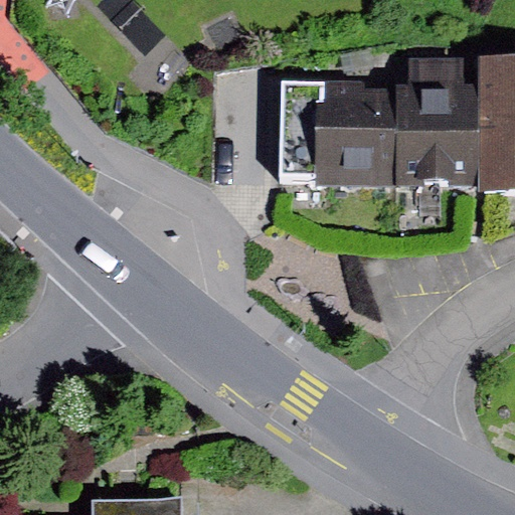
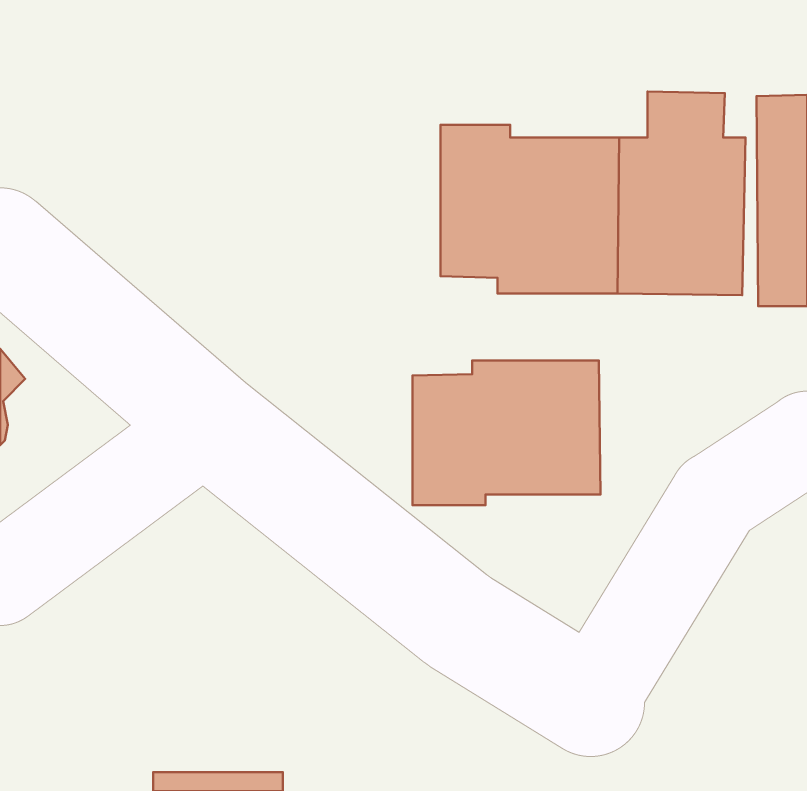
building: none -> [412,361,601,505]

